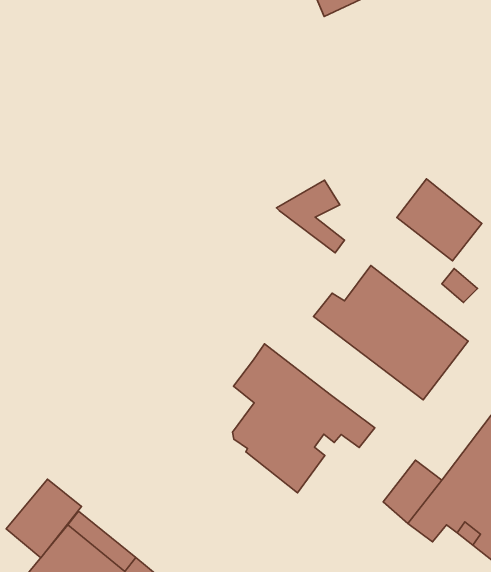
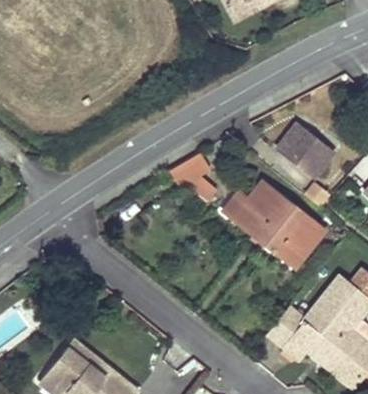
building: [277,180,345,253] -> [168,151,212,198]
building: [232,344,375,493] -> none
building: [6,479,82,558] -> none

